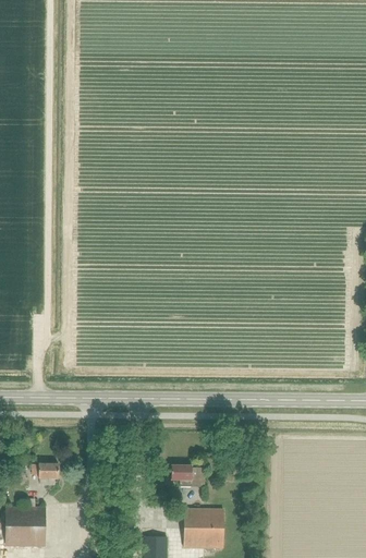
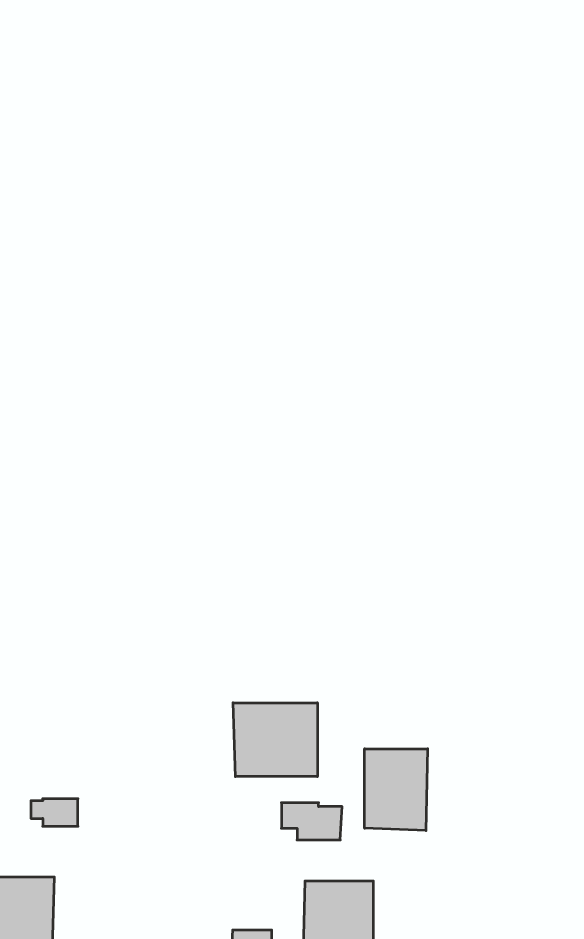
building: none -> [233,703,317,777]
building: none -> [365,749,428,831]

